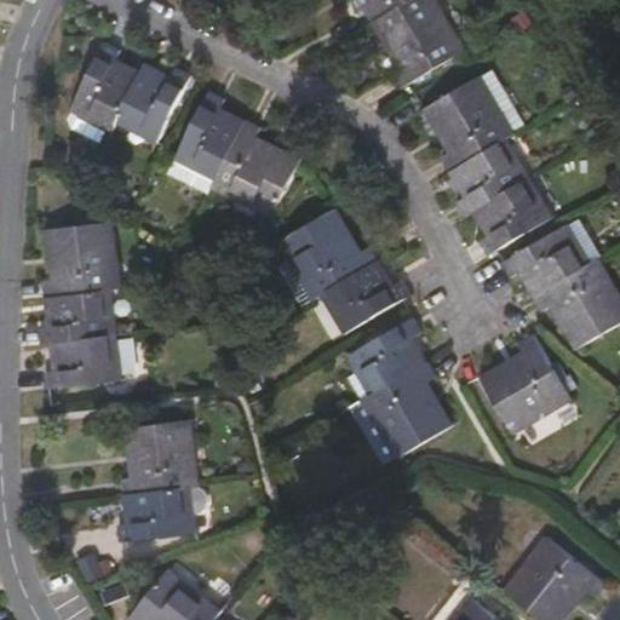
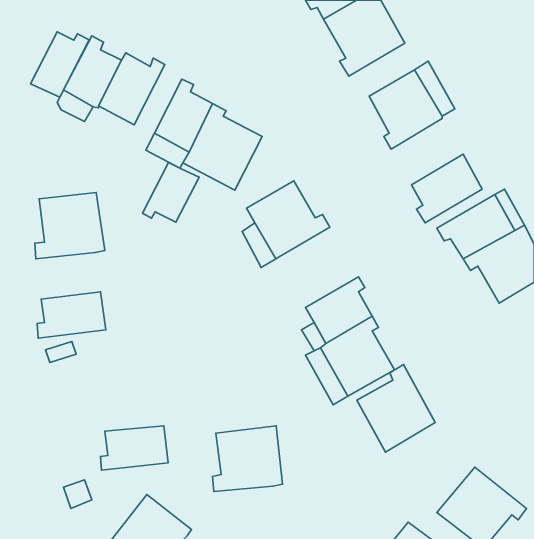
building: none -> [31,32,89,97]
building: [448,136,530,217] -> none
building: none -> [143,162,199,222]
building: [320,262,408,335] -> none
building: [36,291,115,344] -> none
building: [478,334,568,435] -> [357,364,435,452]
building: [119,420,199,495] -> [213,426,282,491]

